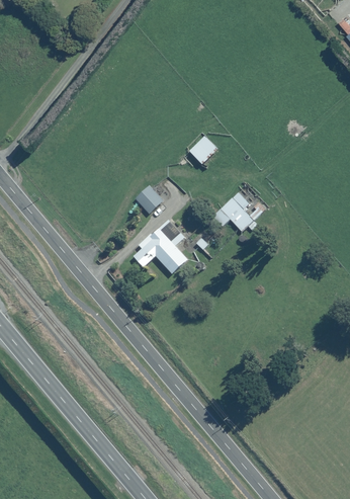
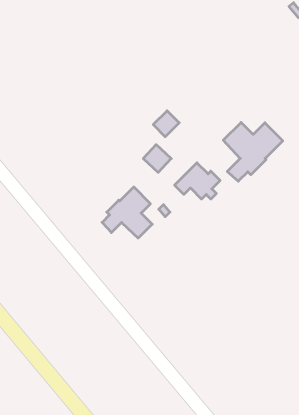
building: none -> [223,122,283,181]
building: [134,183,164,214] -> [143,145,171,172]

